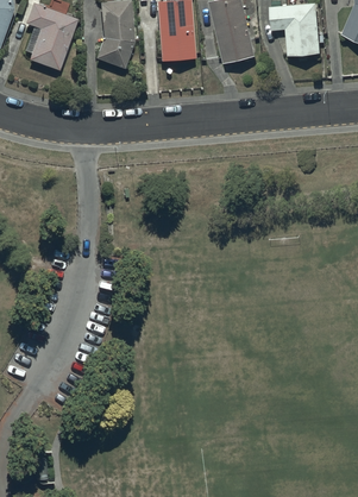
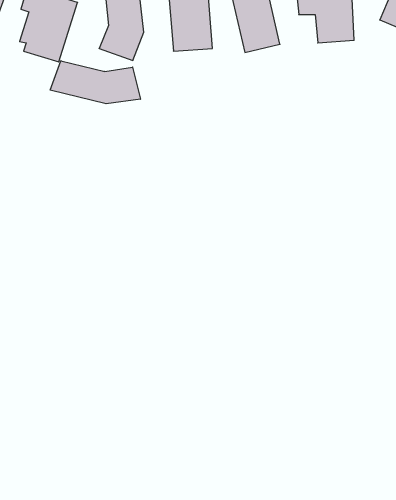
building: none -> [50,61,140,104]

